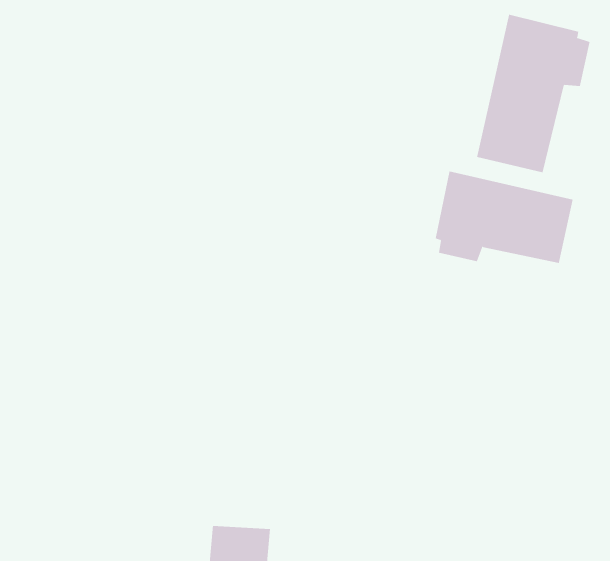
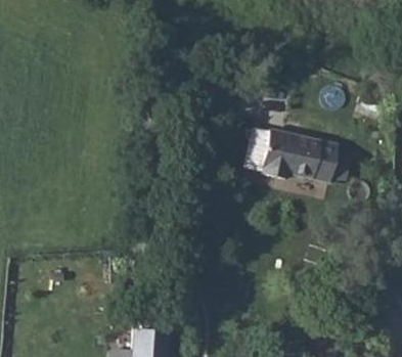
building: [476,14,590,173] -> none

